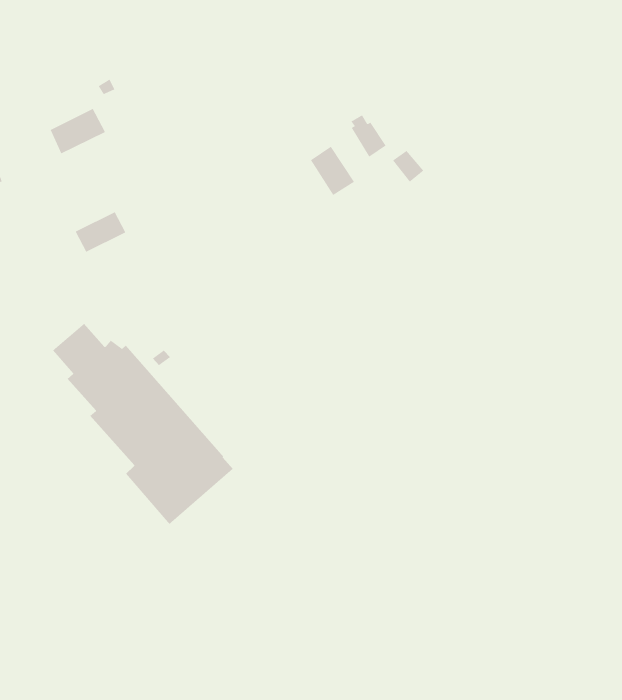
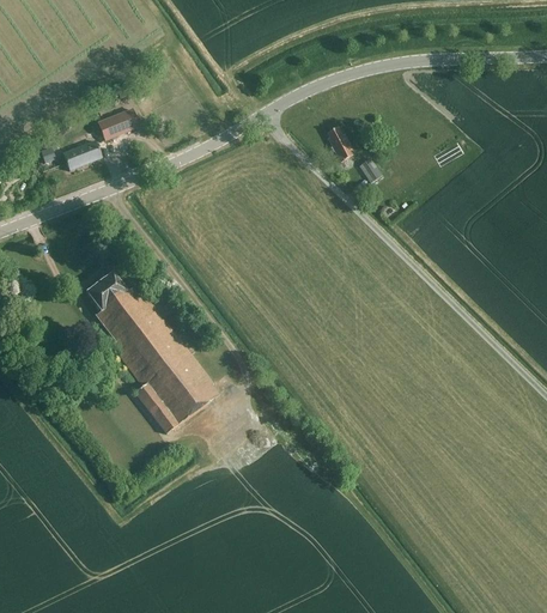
building: [310,146,355,196] -> none
building: [75,211,126,252] -> [61,140,101,170]

